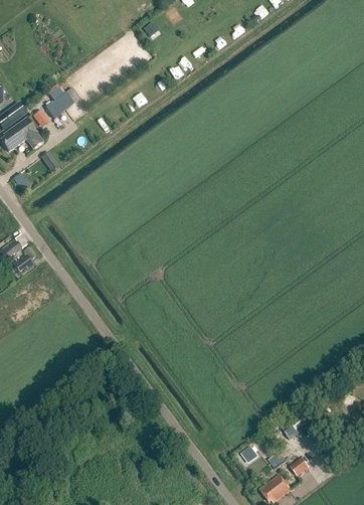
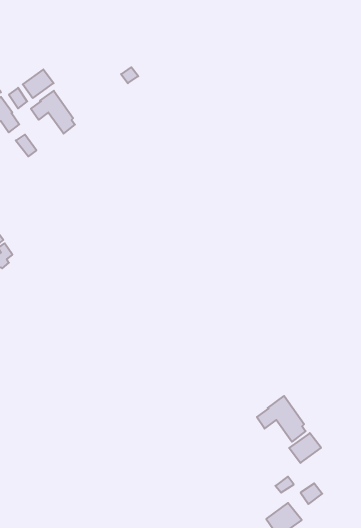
building: none -> [31,91,75,134]
building: none -> [257,396,306,442]

